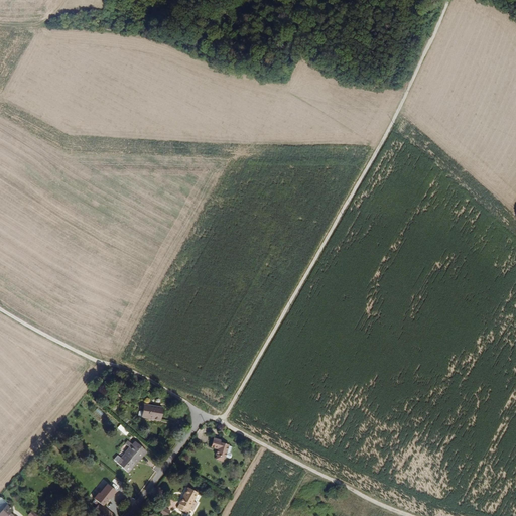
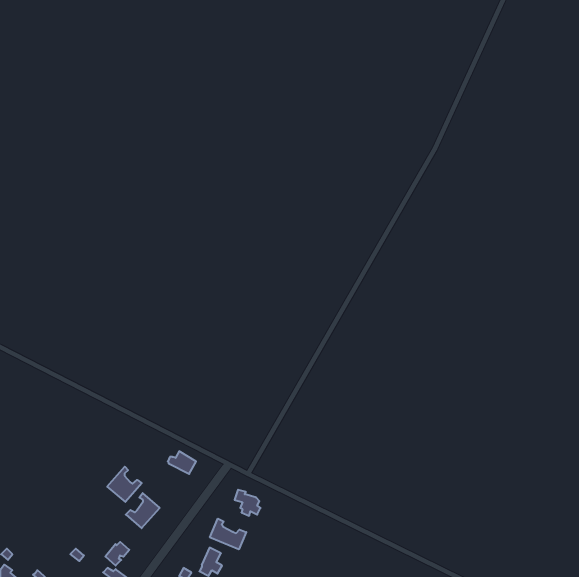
building: none -> [107,467,142,502]
building: none -> [210,519,246,549]

